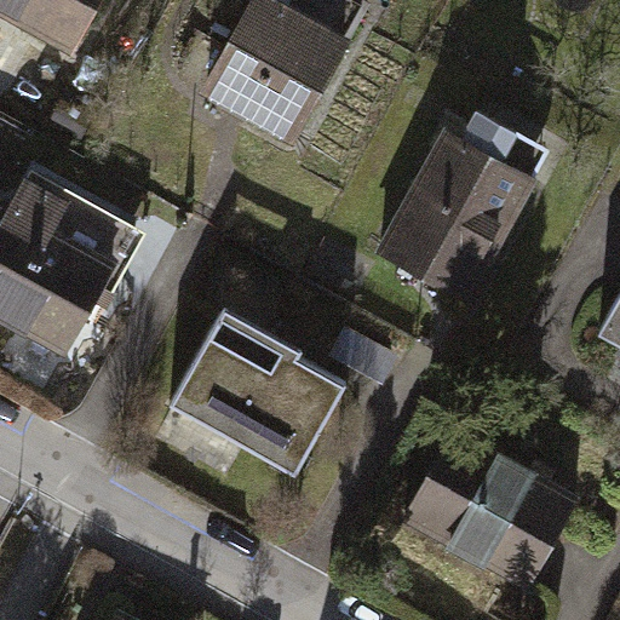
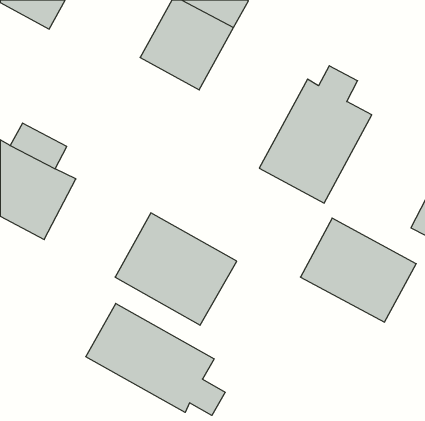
building: [404,434,573,585] -> [300,218,416,322]
building: none -> [86,303,225,415]

